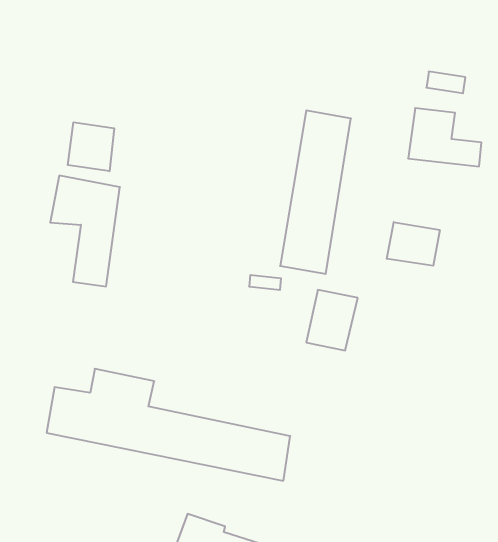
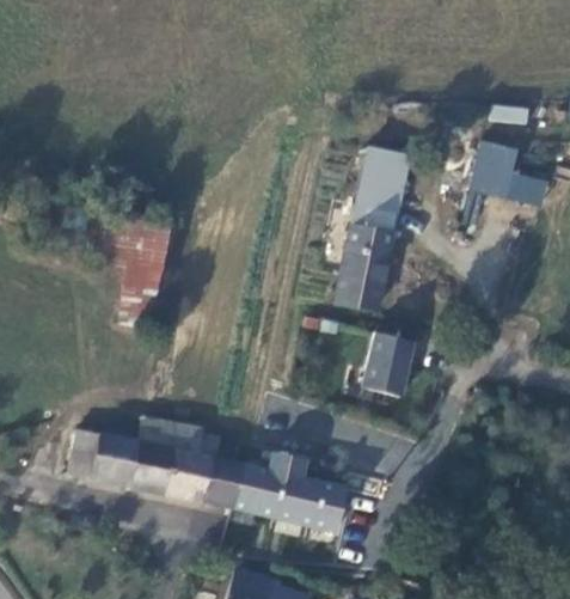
building: [68,122,114,171] -> none
building: [387,222,440,266] -> none
building: none -> [67,429,99,481]

